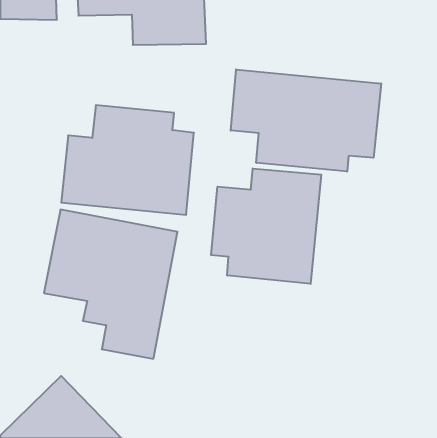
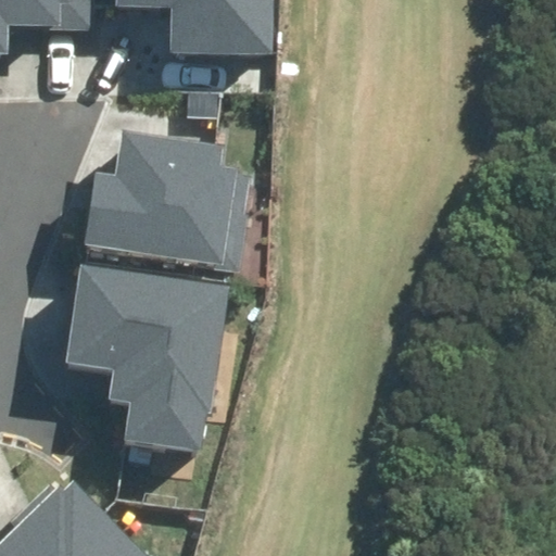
building: [231,69,381,172] -> none
building: [211,168,321,284] -> none

